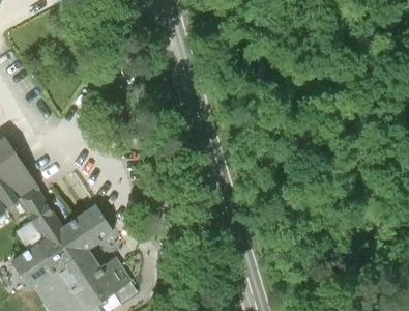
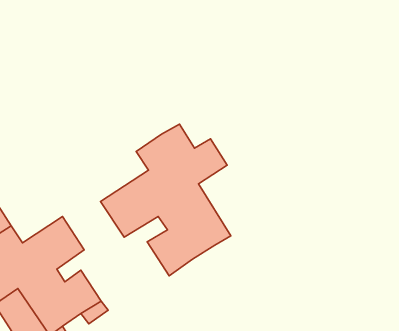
building: none -> [101,124,231,276]

